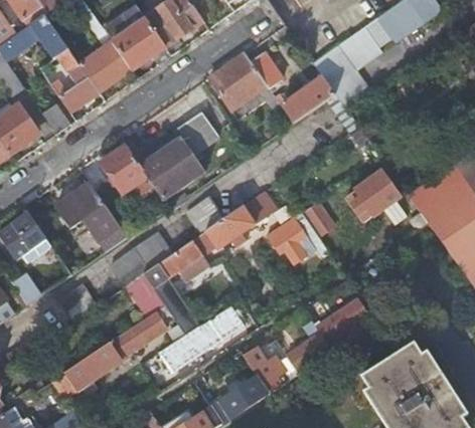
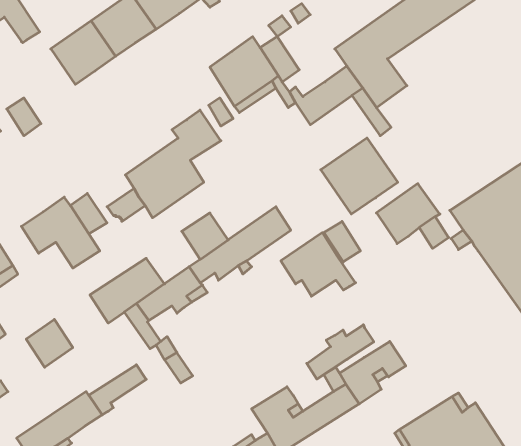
building: [51,47,99,111] -> none
building: none -> [321,138,398,214]
building: [105,147,147,192] -> none
building: none -> [307,325,374,379]
building: [161,317,229,372] -> none

